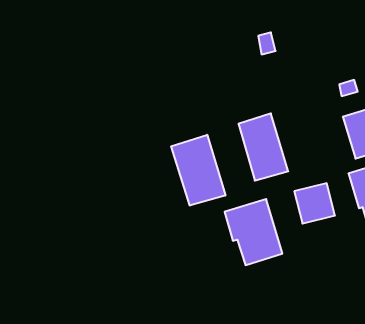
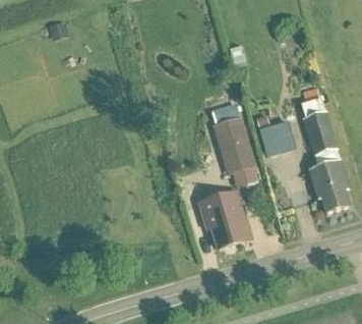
building: [171,135,225,206] -> none
building: [294,183,335,224] -> [260,116,296,152]

